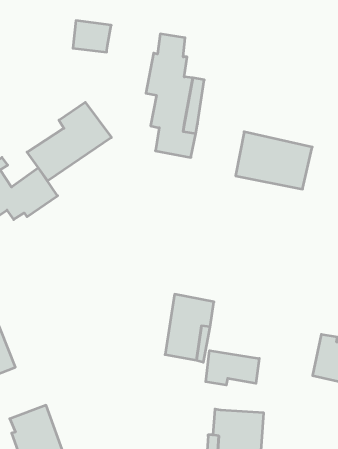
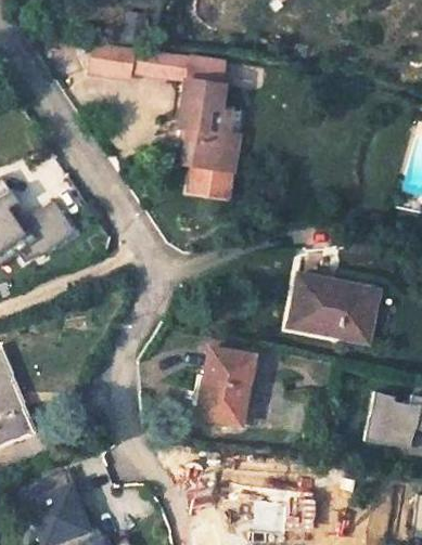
building: none -> [135,44,194,77]
building: [27,102,111,181] -> none
building: [236,132,312,189] -> [287,274,374,339]
building: [206,351,259,385] -> none

